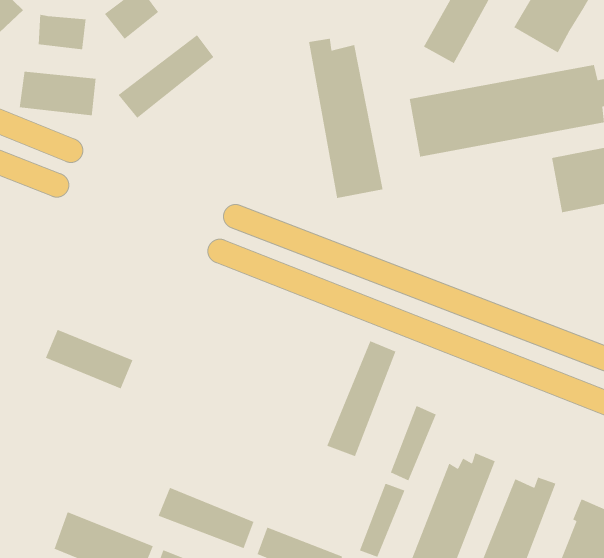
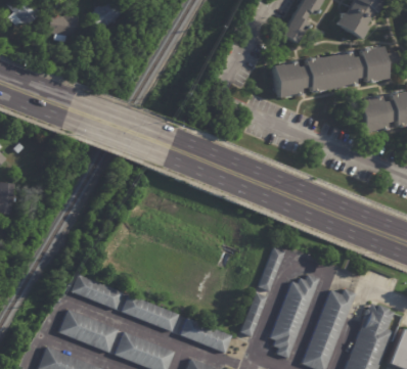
building: [118,34,215,119] -> none
building: [308,38,384,199] -> none
building: [19,71,96,116] -> none
building: [45,329,133,389] -> [70,274,122,310]
building: [326,340,397,457] -> none

